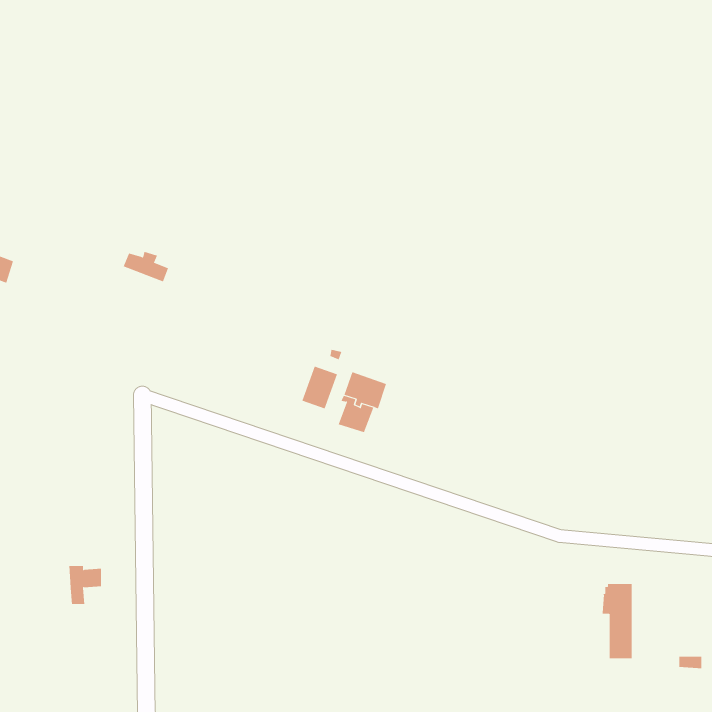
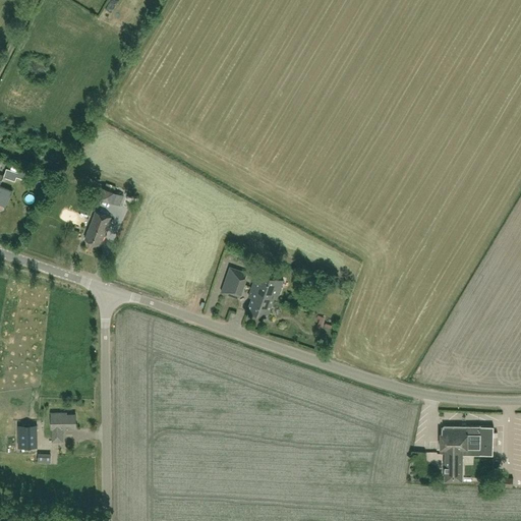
building: none -> [84,212,110,245]
building: none -> [17,425,36,448]
building: none -> [461,426,493,456]

